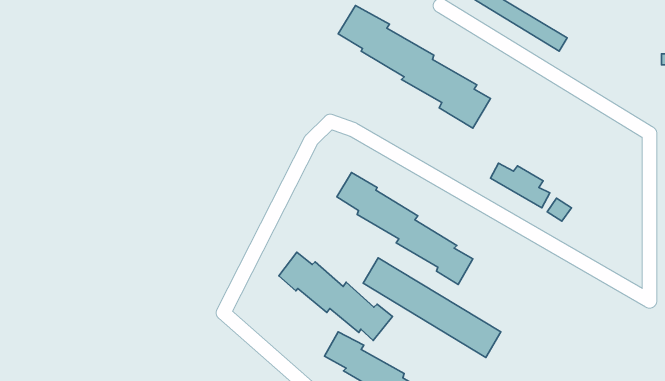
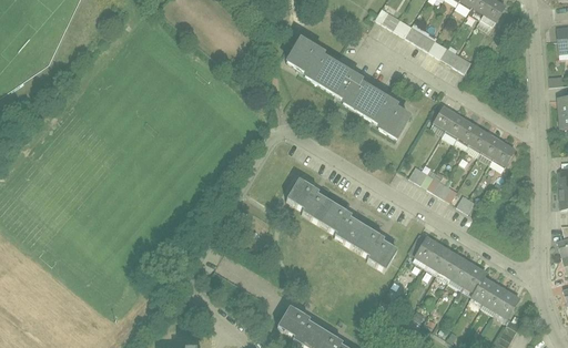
building: none -> [425,99,516,164]
building: [279,252,392,340] -> none
building: [363,258,501,357] -> [407,233,520,315]

